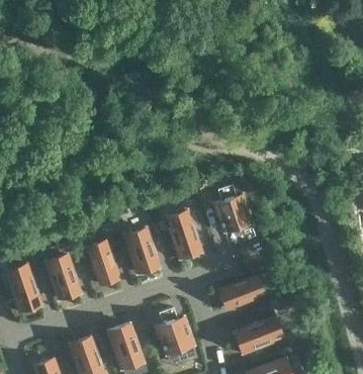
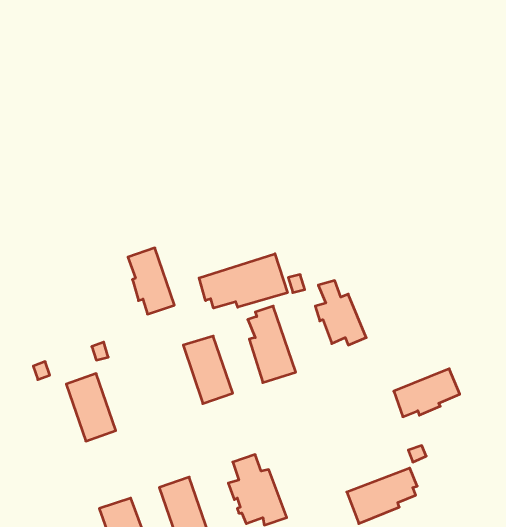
building: none -> [199,254,287,308]
building: [88,240,119,284] -> [128,248,174,314]
building: [9,261,40,312] -> none
building: [220,276,265,308] -> [394,369,460,417]

